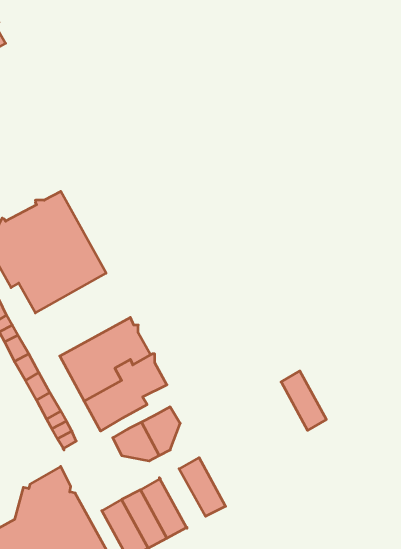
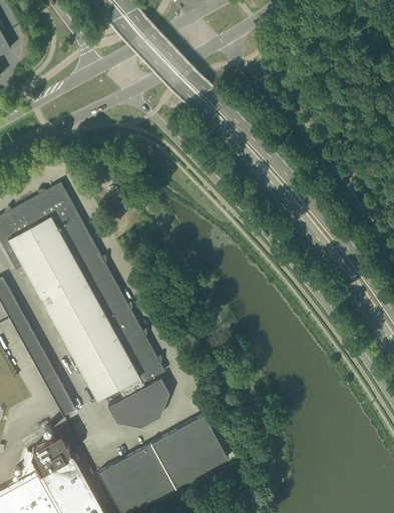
building: none -> [38,258,124,333]
building: [281,371,326,430] -> [186,415,228,469]
building: none -> [117,358,165,399]
building: none -> [150,435,192,489]

